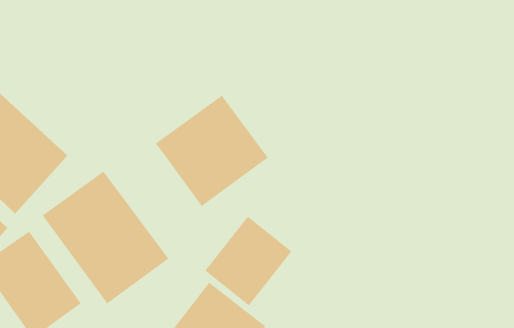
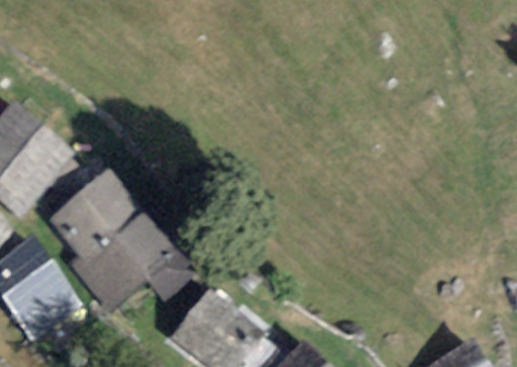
building: [155,95,269,207] -> none
building: [205,216,292,306] -> none

